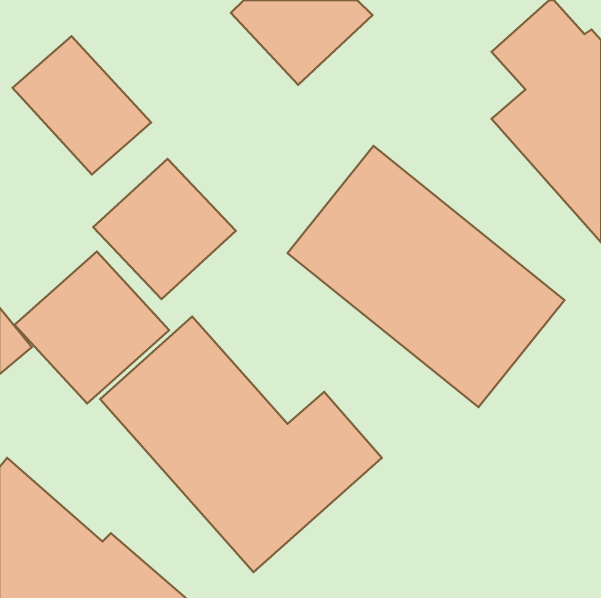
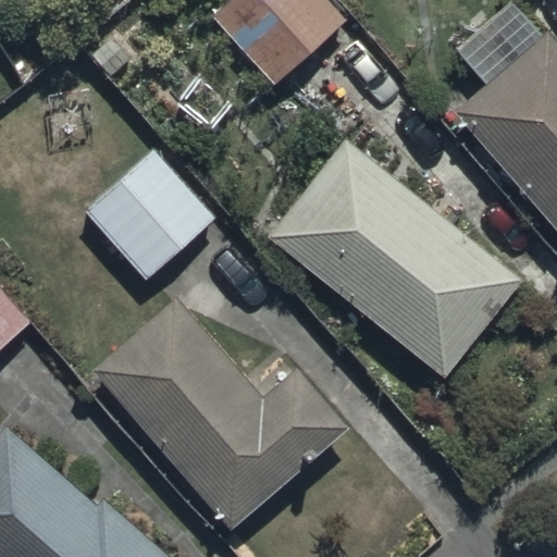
building: [12,36,151,174] -> none
building: [14,251,169,404] -> none

